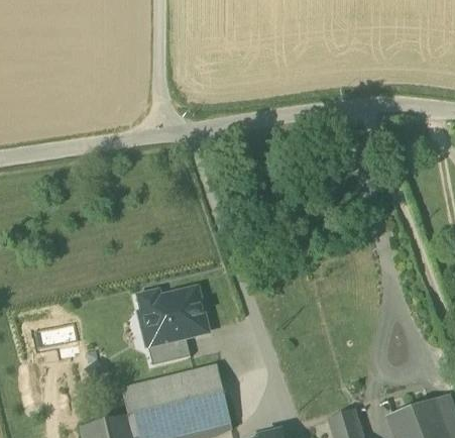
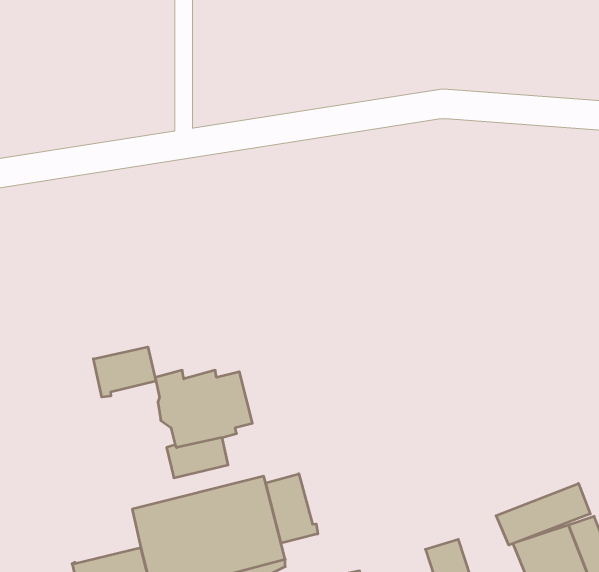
building: none -> [93,347,156,397]
building: none -> [266,474,318,543]
building: none -> [496,483,590,545]

